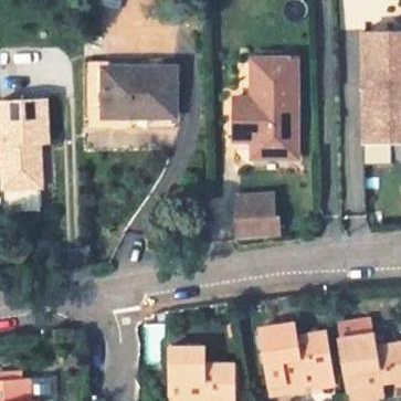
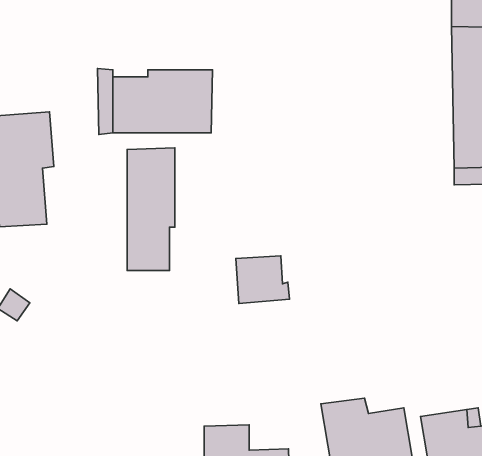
building: [235,60,296,157] -> none
building: none -> [127,148,175,270]
building: [238,189,279,226] -> [236,256,289,303]

